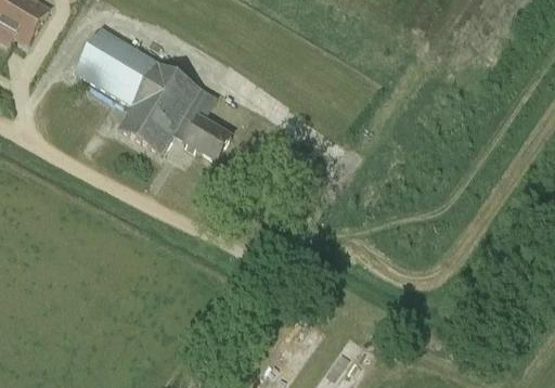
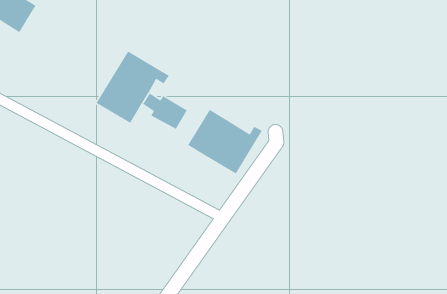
building: [75,28,158,105] -> none
building: none -> [187,109,263,174]

